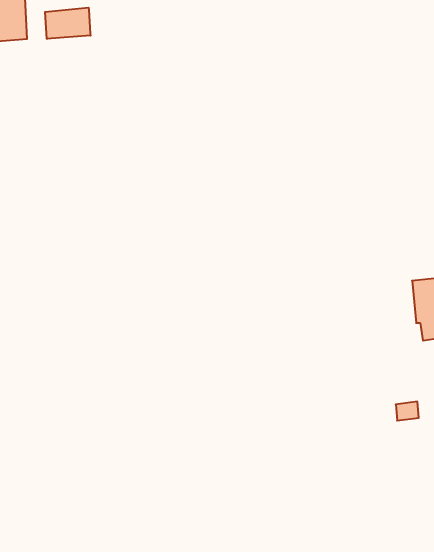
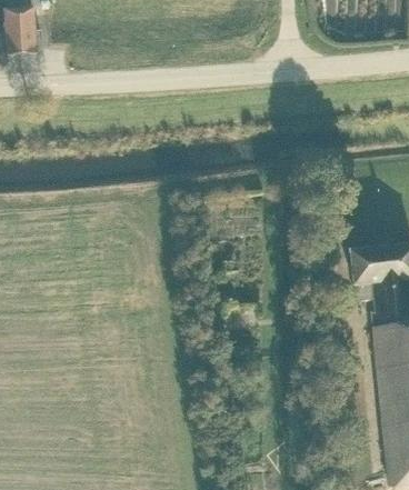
building: [45,8,91,39] -> none

